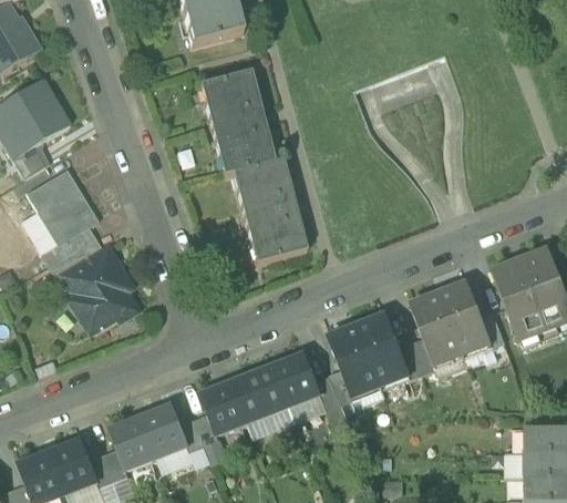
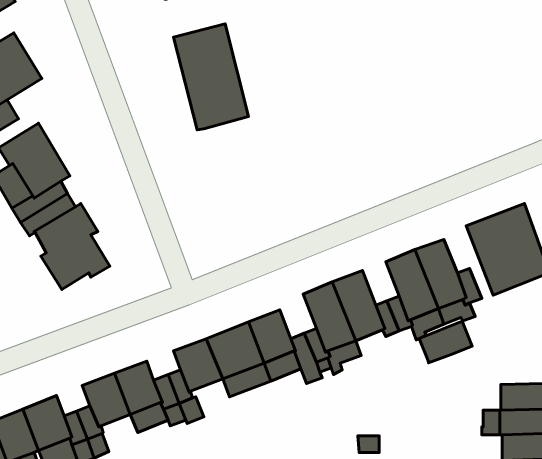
building: [230,157,306,263] -> none
building: none -> [419,321,472,363]

